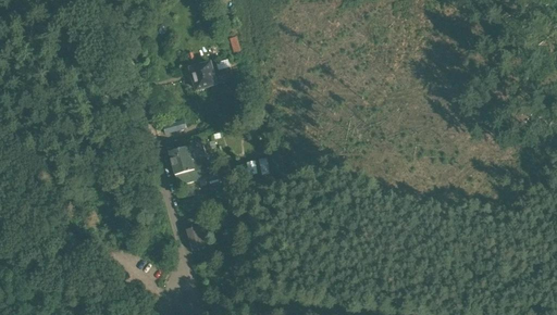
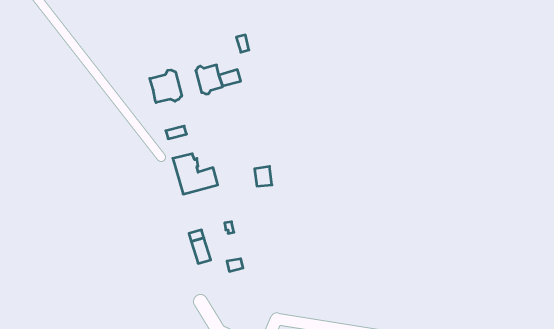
building: none -> [150,70,182,103]

